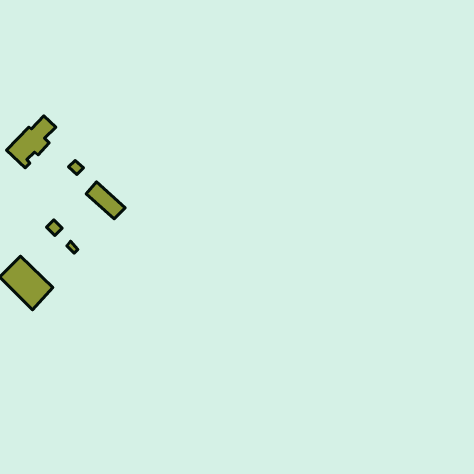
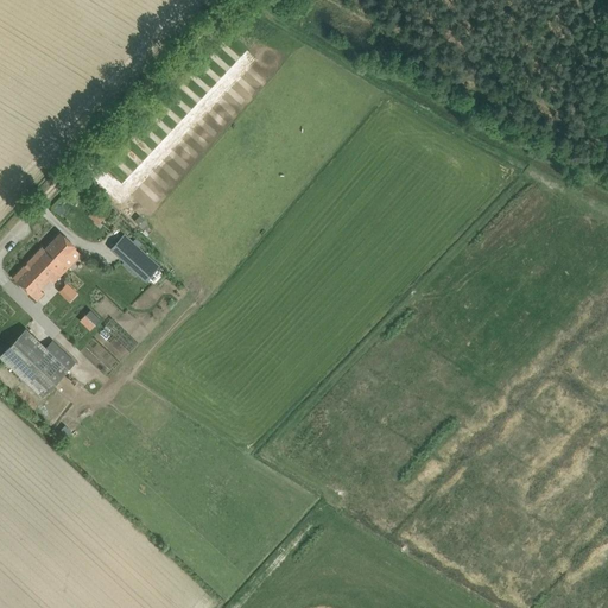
building: [7,116,56,168] -> [13,233,76,299]

